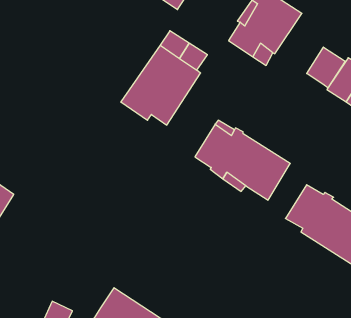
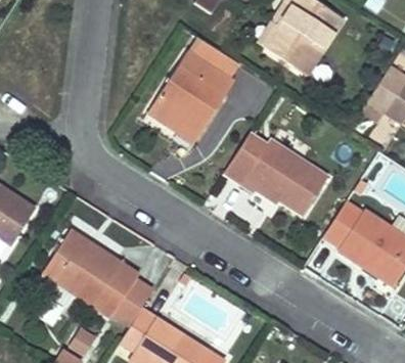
building: [307,47,345,88] -> none
building: none -> [42,230,150,330]

